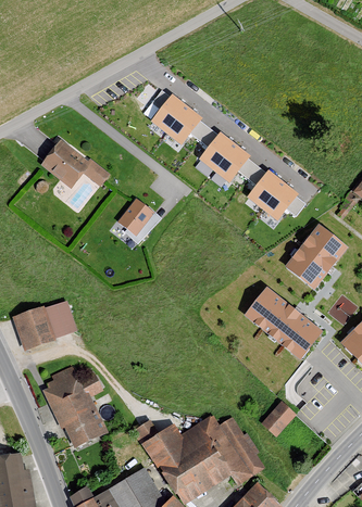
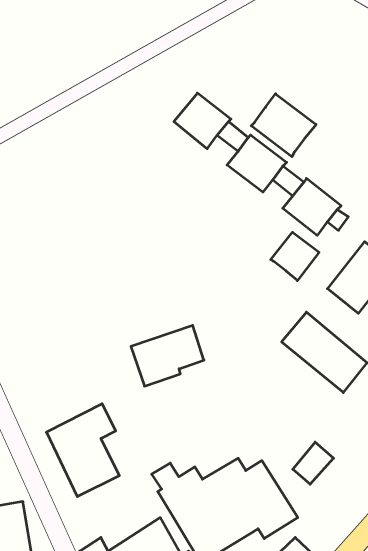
building: none -> [251,94,316,157]
building: [38,139,108,189] -> none
building: [120,201,157,239] -> none
building: none -> [271,232,319,281]
building: [10,300,74,353] -> [131,325,204,386]

